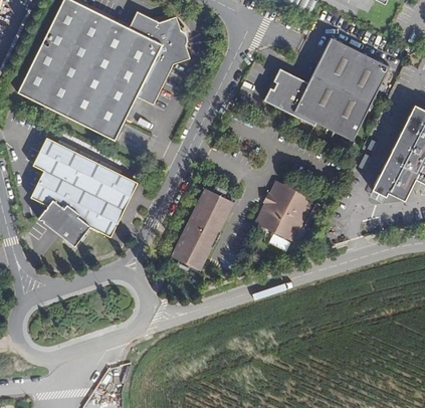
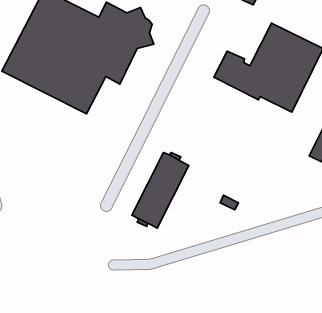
building: [29,139,137,247] -> none
building: [255,181,312,240] -> none

